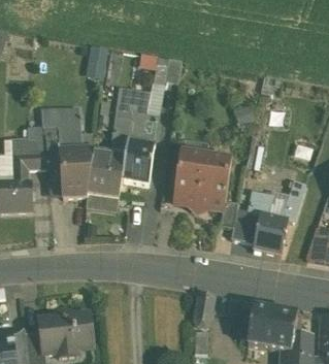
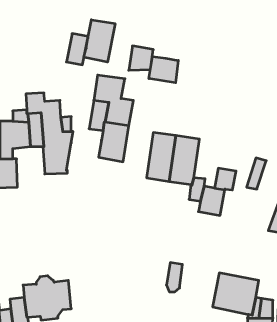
building: none -> [84,20,115,62]
building: none -> [149,56,178,83]
building: [87,151,124,197] -> none
building: [252,213,288,255] -> none

